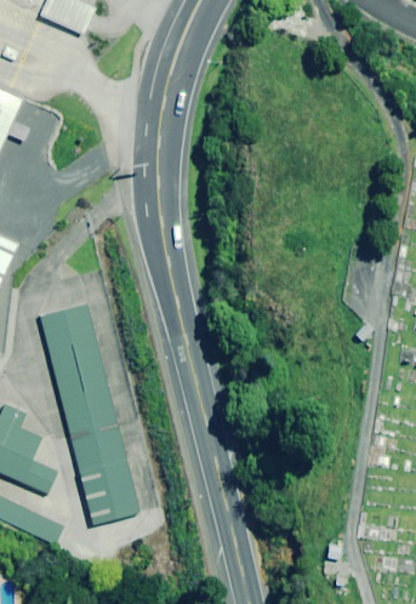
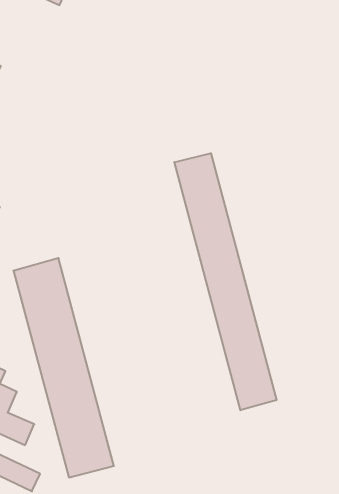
building: none -> [174,153,276,410]

